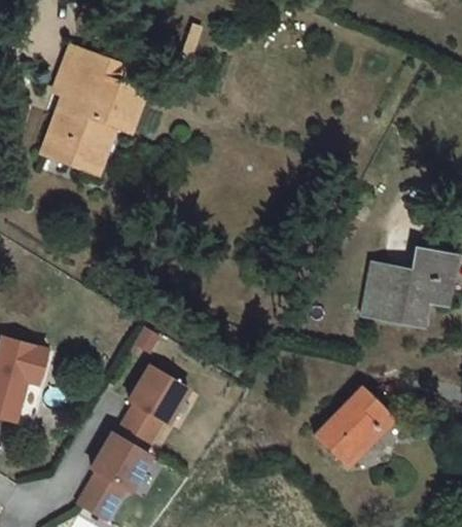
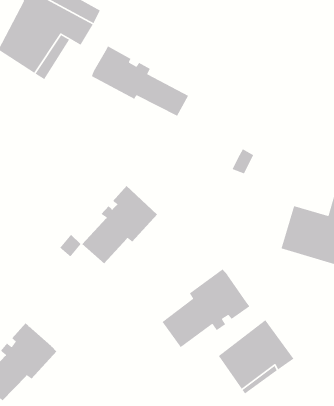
building: none -> [91,45,189,117]
building: none -> [161,268,250,348]
building: [115,364,190,450] -> [81,185,158,264]

